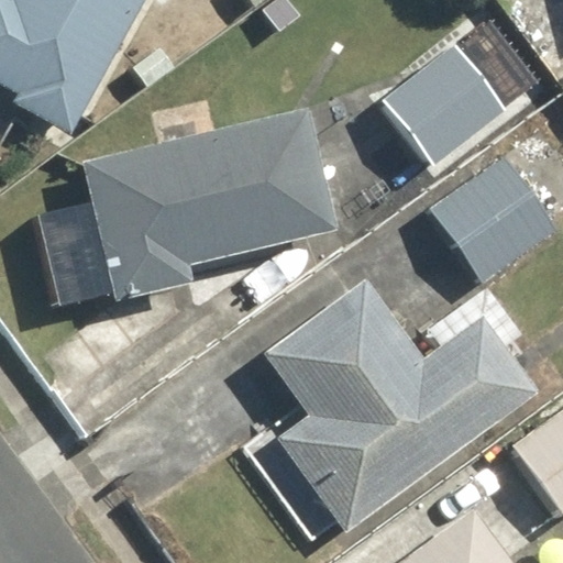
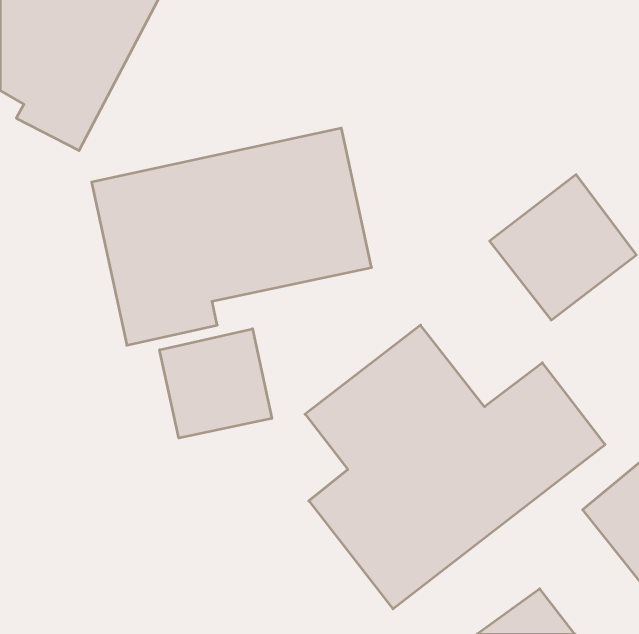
building: [382,46,503,166] -> none
building: none -> [160,329,272,438]

